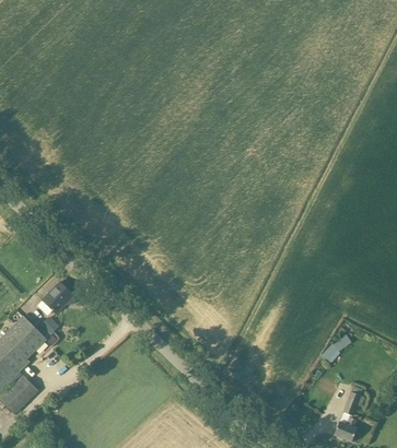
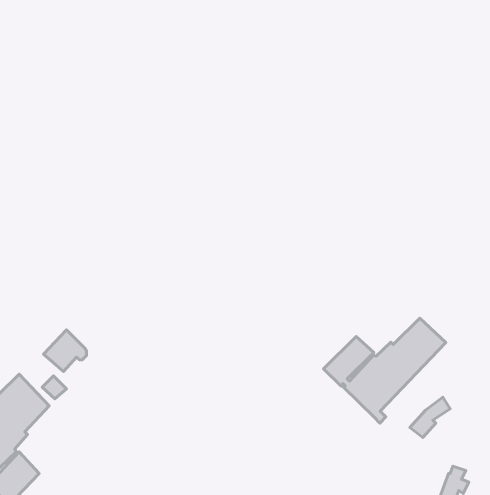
building: none -> [324,318,446,423]

